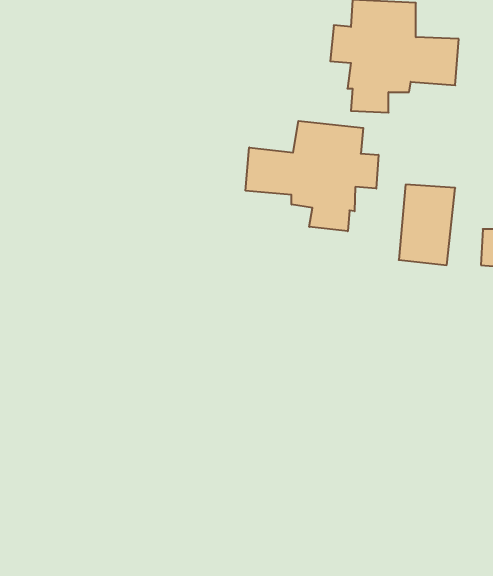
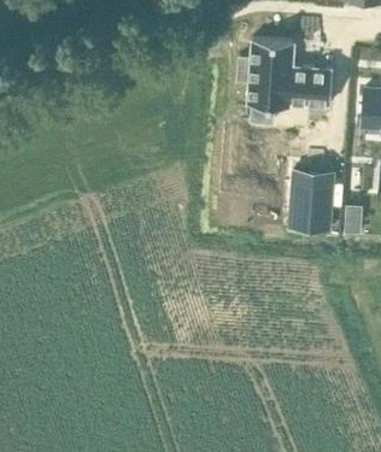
building: [246,121,378,231] -> none

